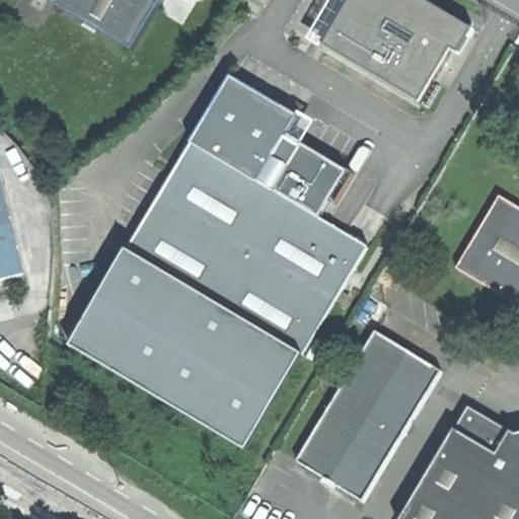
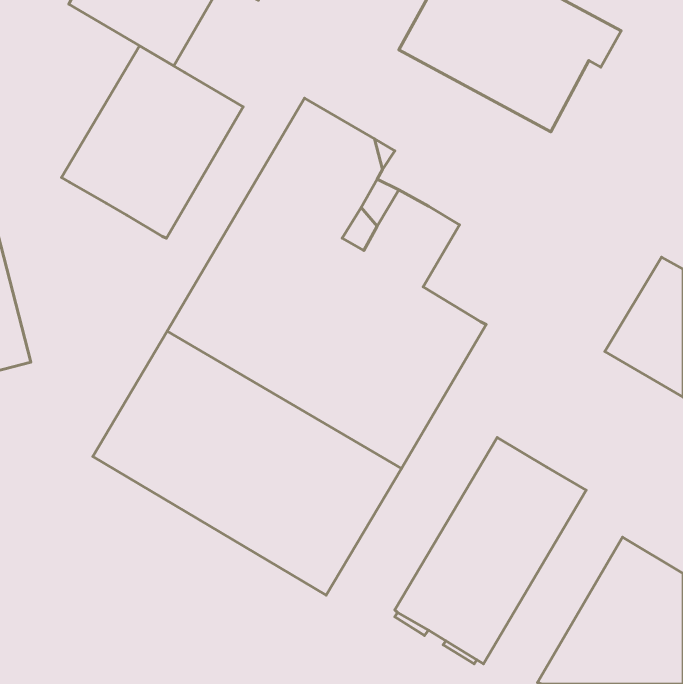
building: none -> [62,46,243,238]

